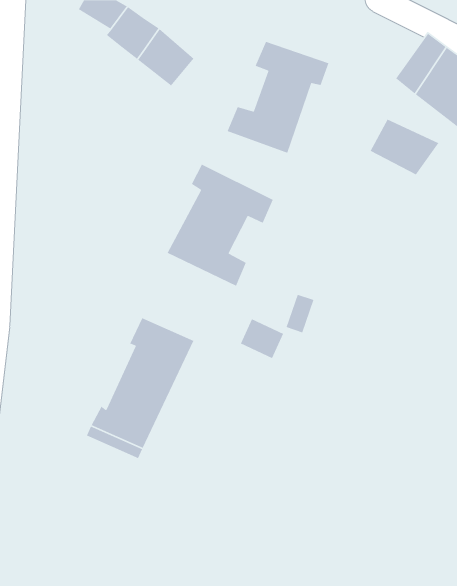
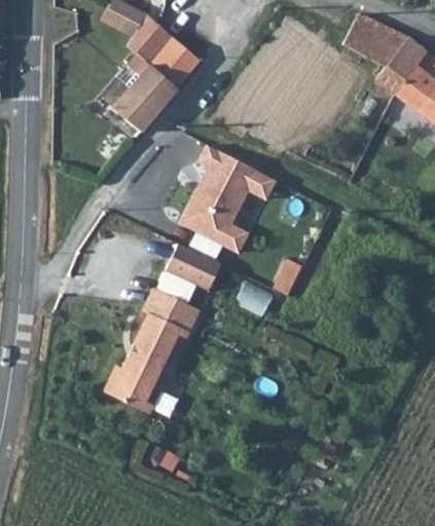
building: [226,41,330,154] -> none
building: none -> [113,48,179,127]
building: [370,118,440,176] -> [343,13,405,64]
building: none -> [169,246,223,294]

